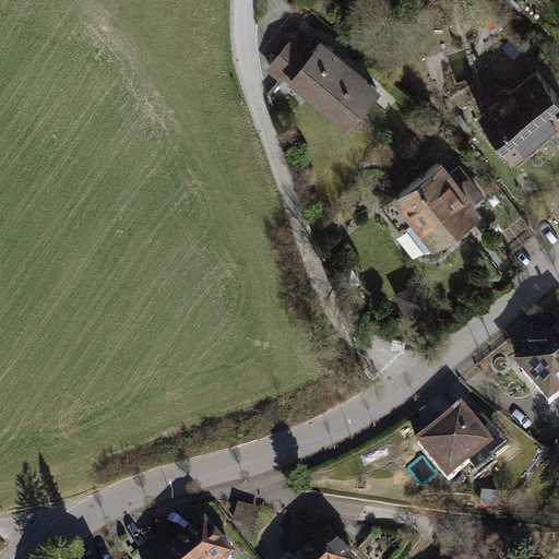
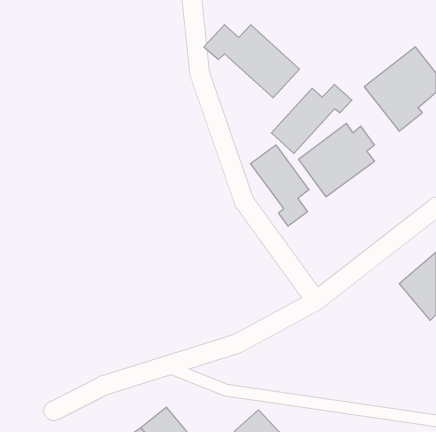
building: none -> [271,84,352,153]
building: none -> [250,145,309,226]
building: [416,412,509,487] -> none

